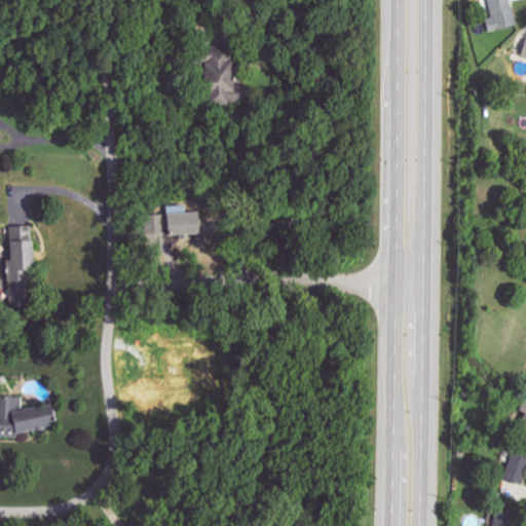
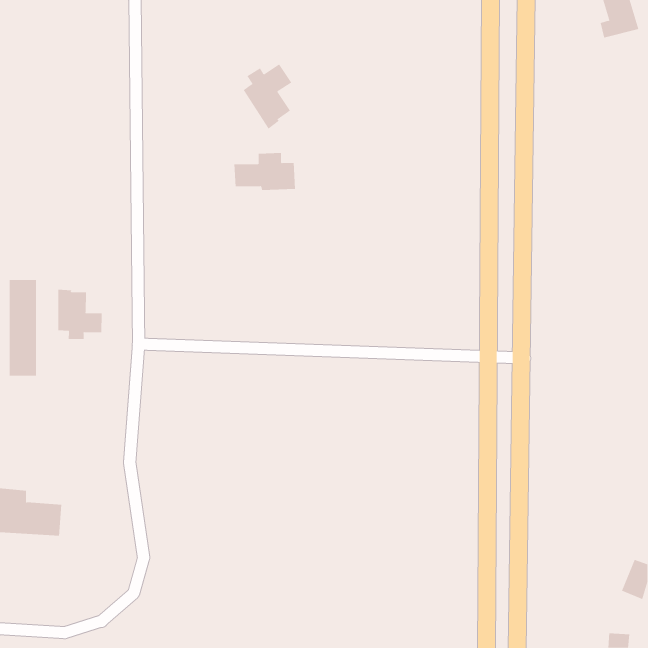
building: [146,204,196,235] -> [234,152,296,190]
building: none -> [58,289,102,340]

